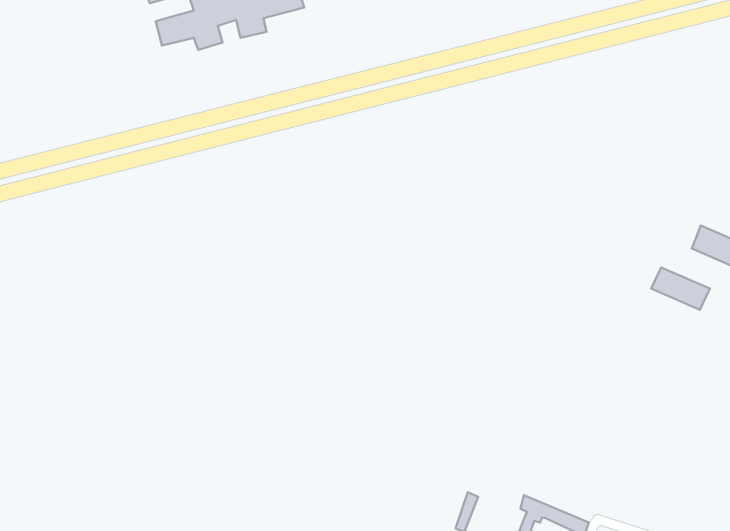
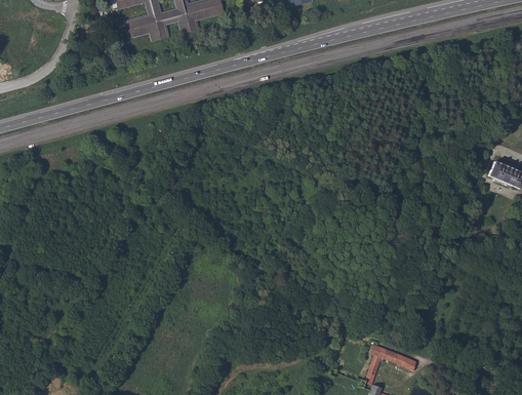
building: [651,267,710,310] -> none

